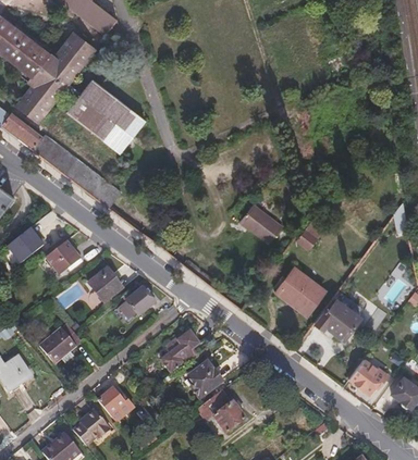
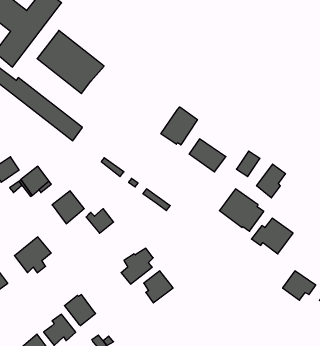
building: none -> [161,107,197,145]
building: none -> [257,164,285,198]
building: [198,389,246,432] -> none

